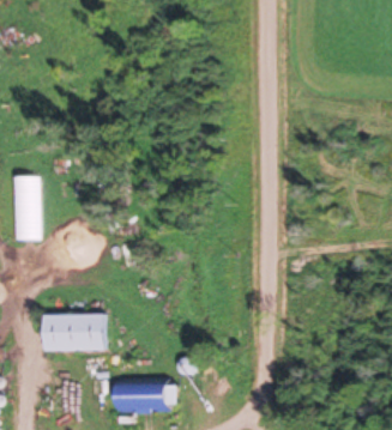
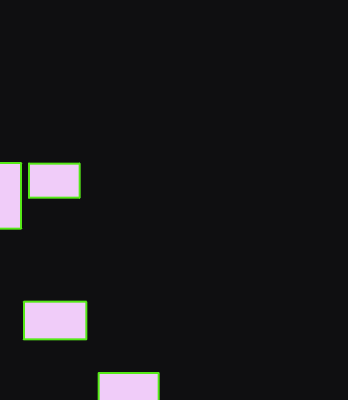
building: none -> [29,163,79,198]

